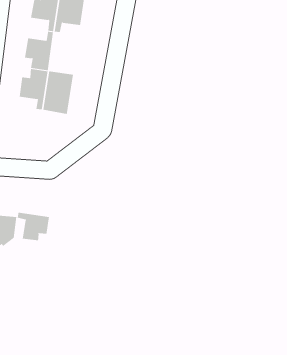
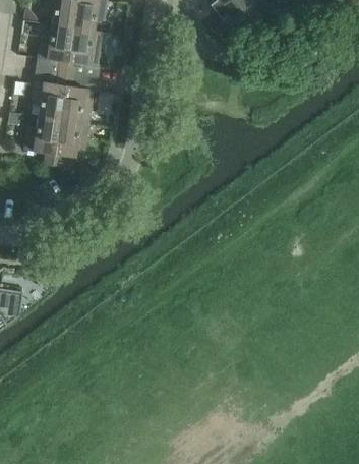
building: none -> [57,73,92,123]
building: [17,212,50,241] -> none

